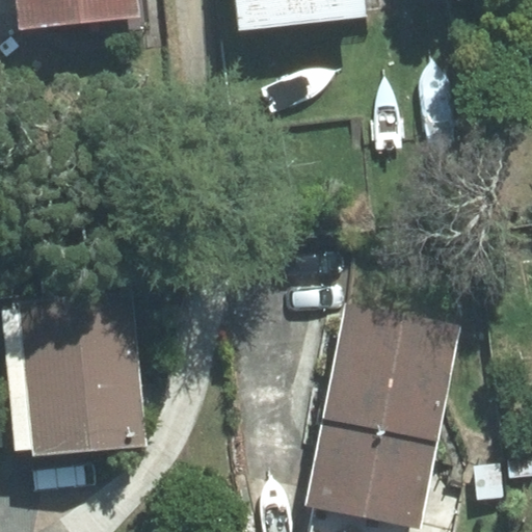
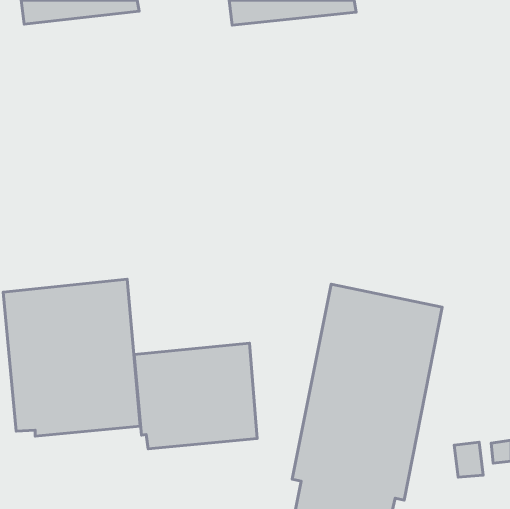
building: none -> [134,343,257,449]

